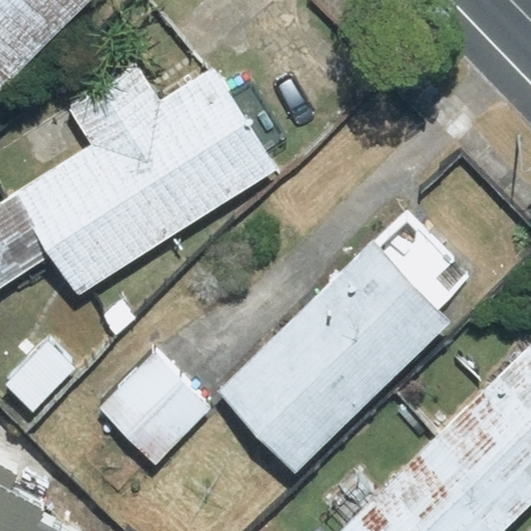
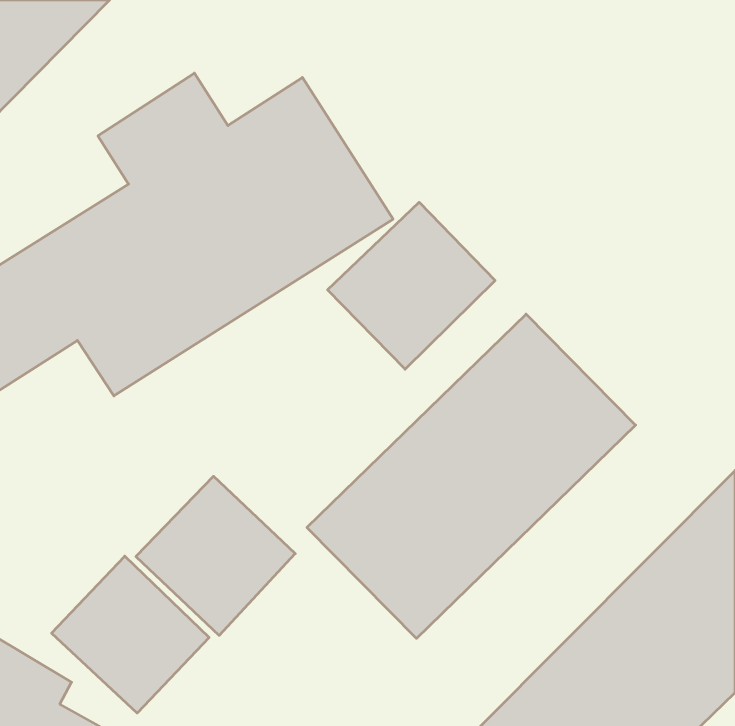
building: none -> [328,202,495,369]
building: none -> [52,556,209,713]

